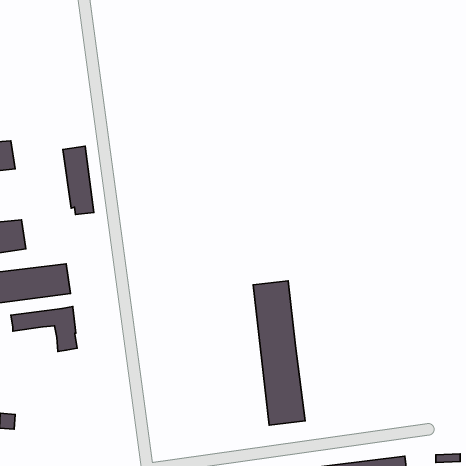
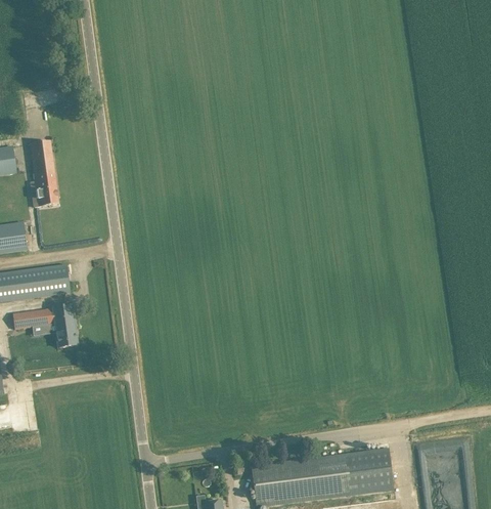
building: [63,146,94,215] -> [29,140,58,206]
building: [253,281,305,425] -> none

